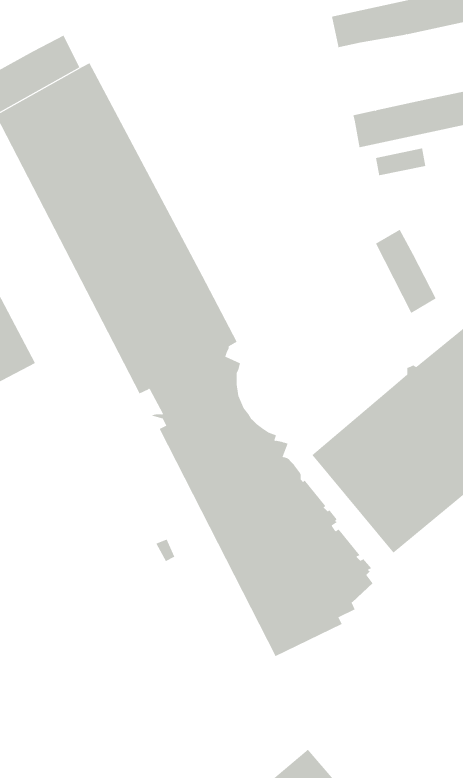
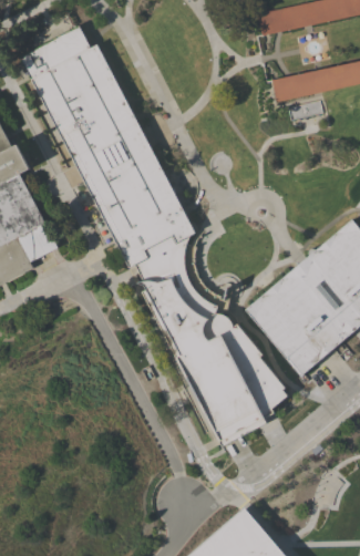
building: [375,229,437,314] -> none

